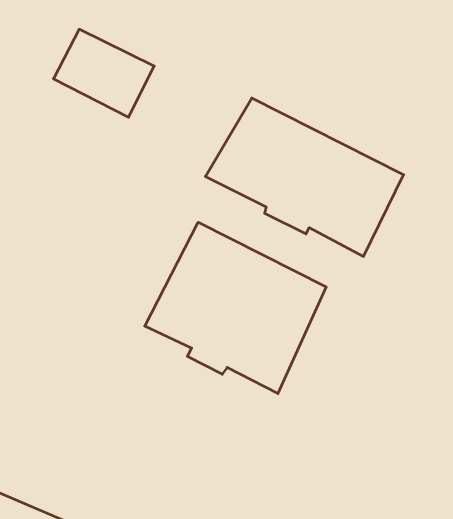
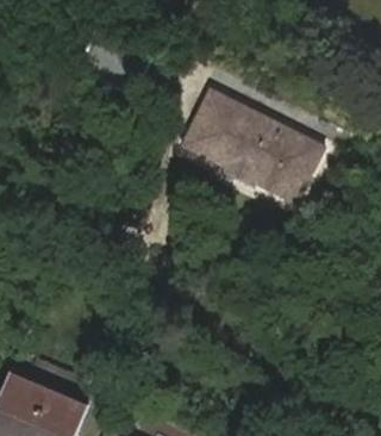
building: [145,222,326,394] -> none

